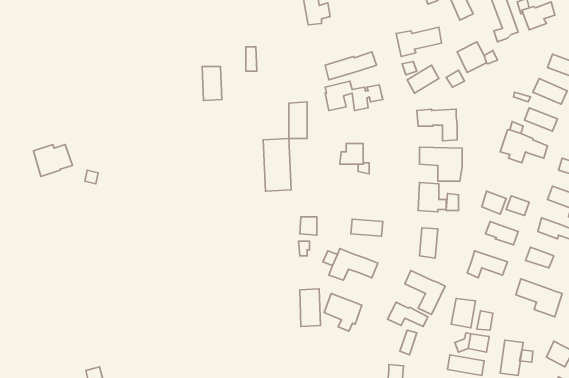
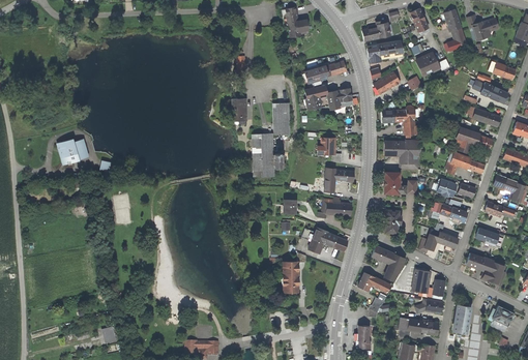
building: none -> [361,22,391,42]
building: [202,66,222,101] -> [231,98,247,127]
building: none -> [447,152,486,176]
building: none -> [323,167,355,193]
building: [324,293,362,331] -> none

